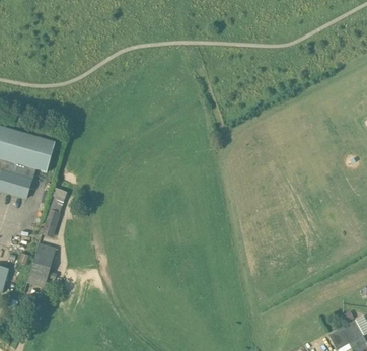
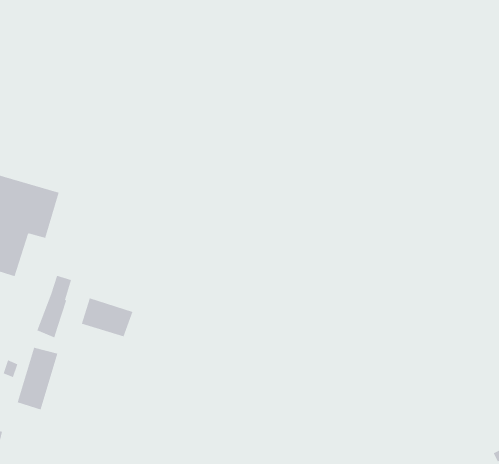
building: none -> [81,298,133,337]

